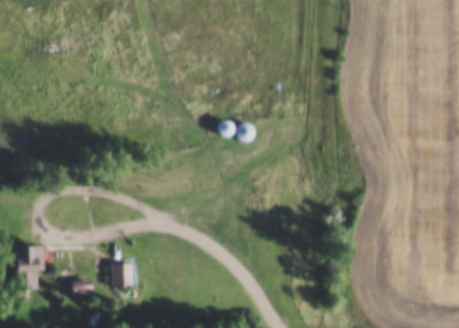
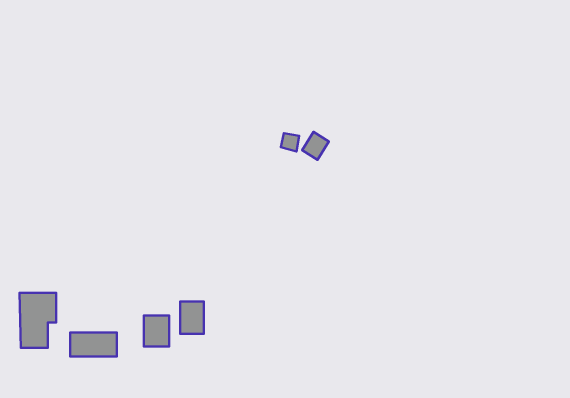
building: none -> [180,302,204,334]

